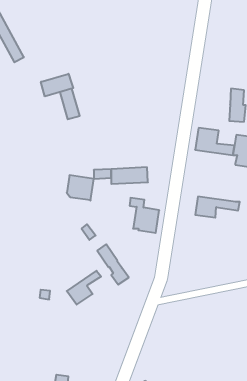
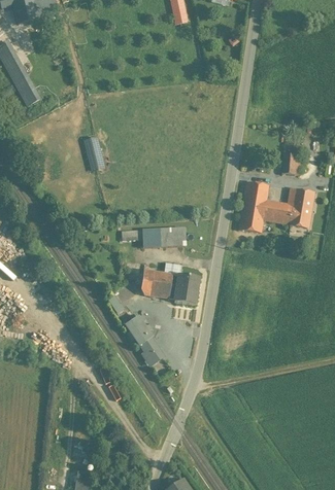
building: [41,74,73,96] -> none
building: [67,175,94,201] -> [140,269,172,299]
building: [195,197,240,218] -> [238,206,291,231]
building: [67,271,101,305] -> none

